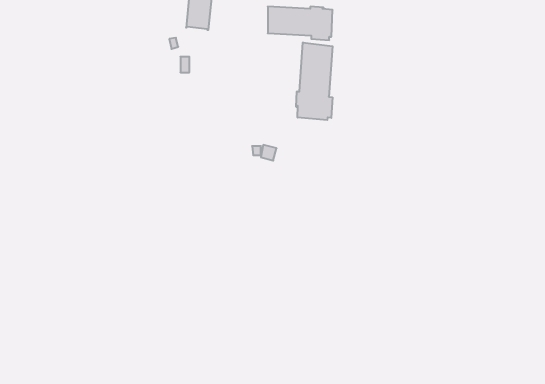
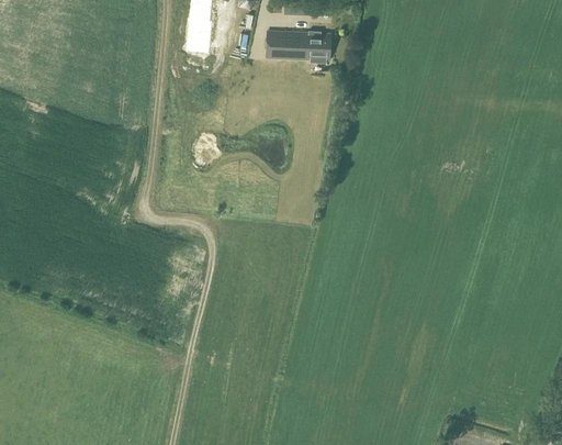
building: [296,42,333,120] -> none

